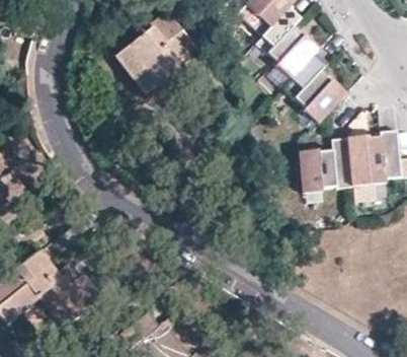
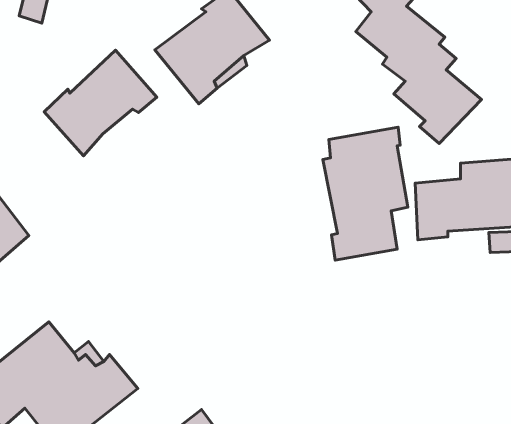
building: none -> [44,50,157,156]
building: none -> [323,127,408,260]

